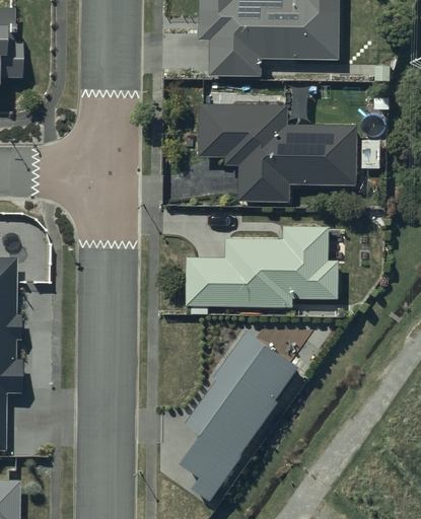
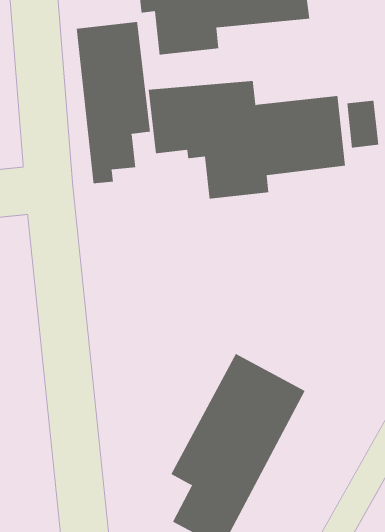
building: none -> [76,21,150,184]
building: [187,227,338,306] -> none

